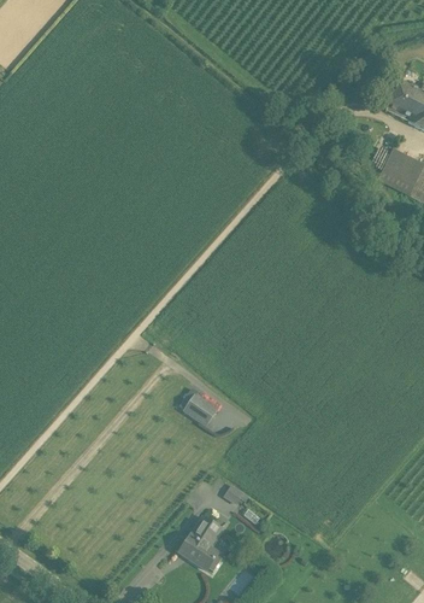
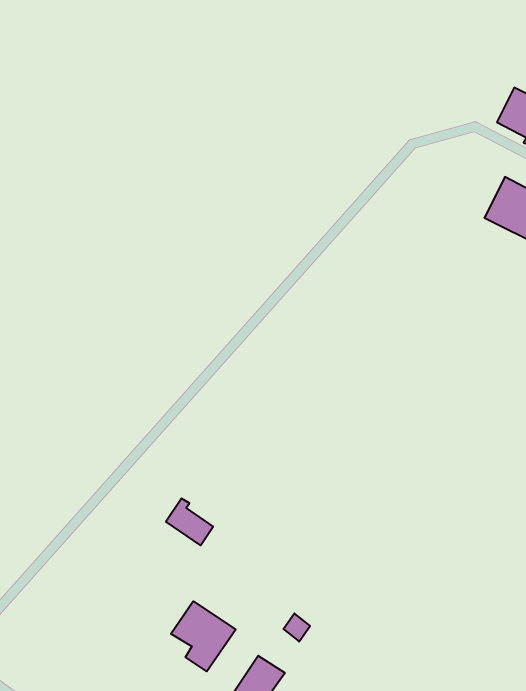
building: [179,388,216,425] -> [166,498,213,545]
building: none -> [171,601,236,671]

